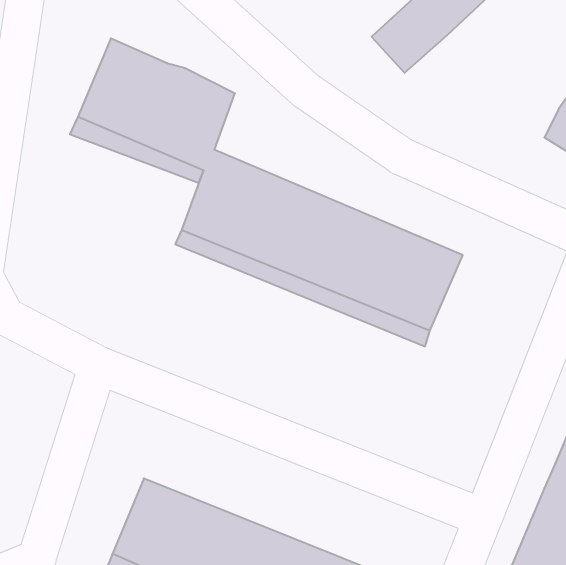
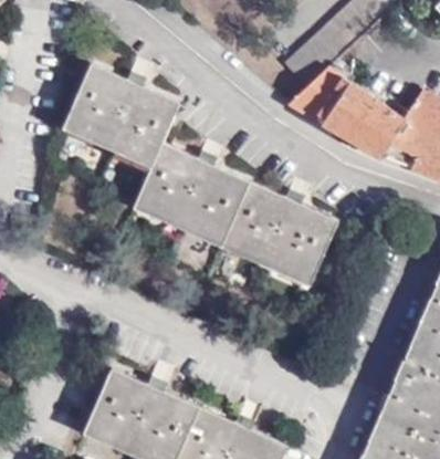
building: none -> [282,63,407,155]

